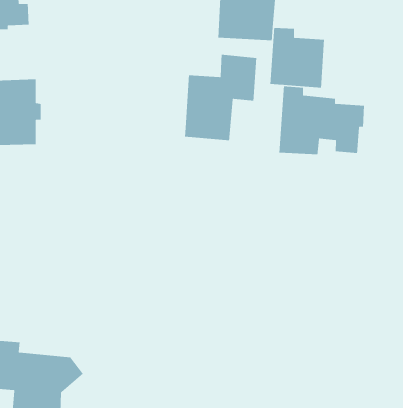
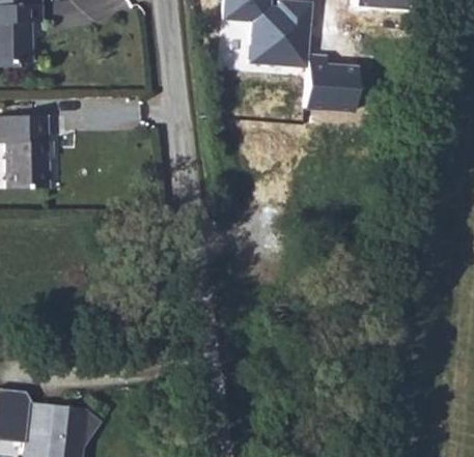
building: [184,54,257,141] -> none
building: [278,86,365,155] -> none

